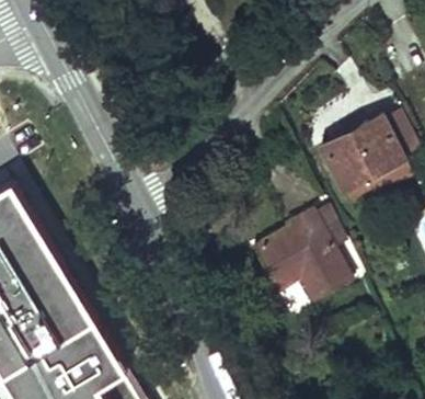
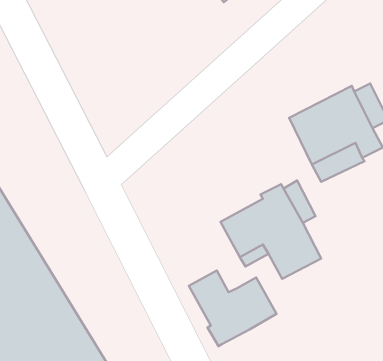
building: none -> [189,270,277,346]

